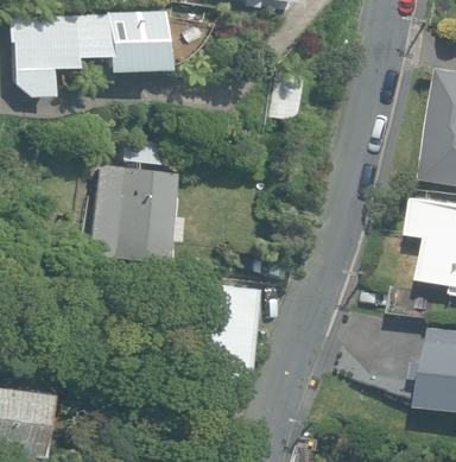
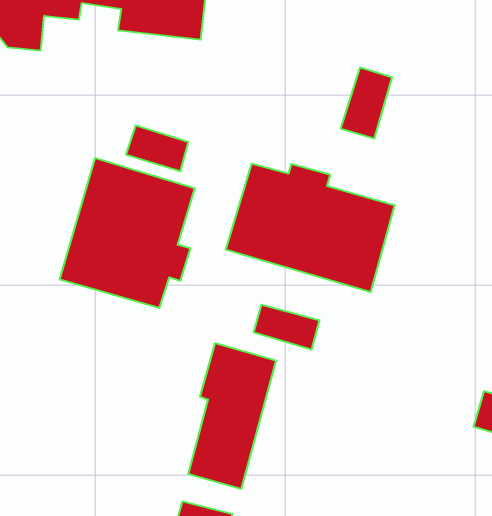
building: none -> [226,164,395,292]

